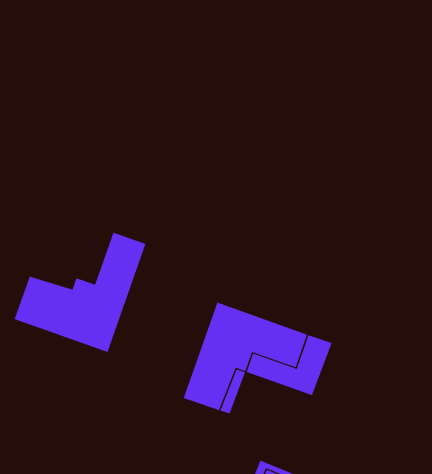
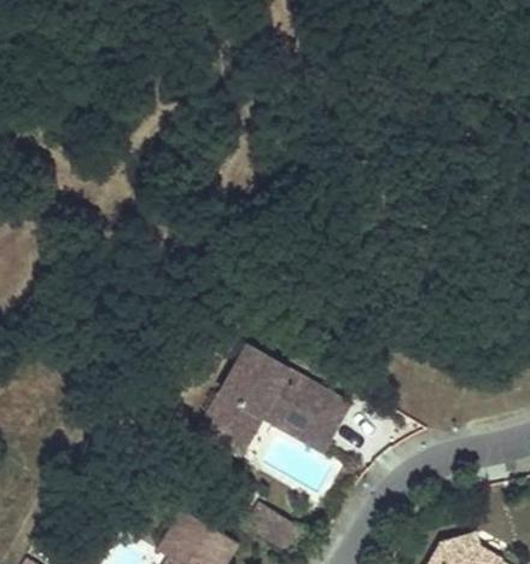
building: [14,232,146,353] -> none

